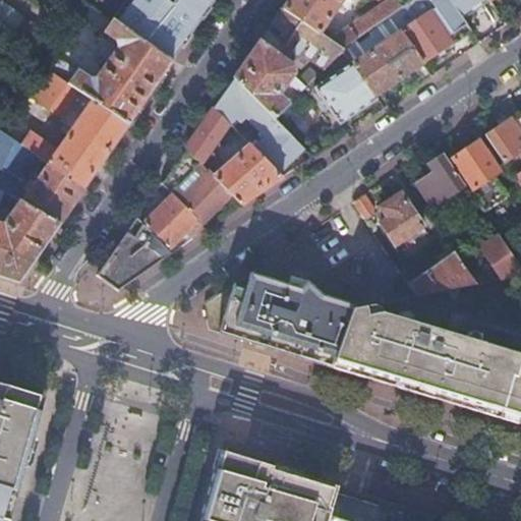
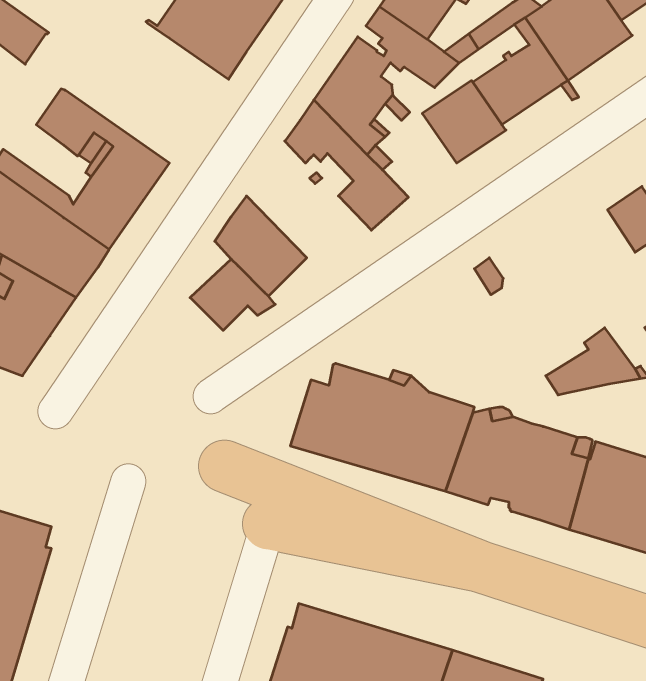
building: [51,19,172,123] -> none
building: [185,107,282,205] -> none
building: [417,152,465,207] -> none
building: [380,193,422,246] -> none
building: [98,217,170,289] -> none

